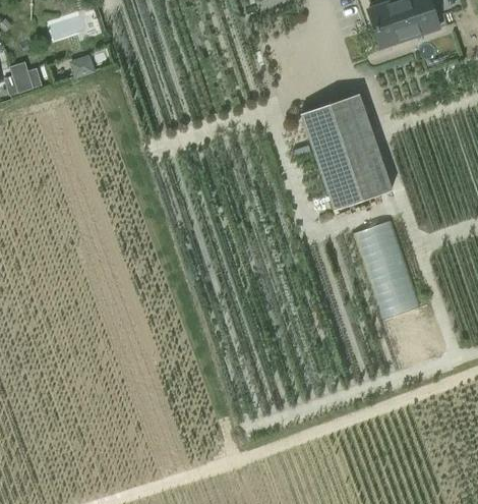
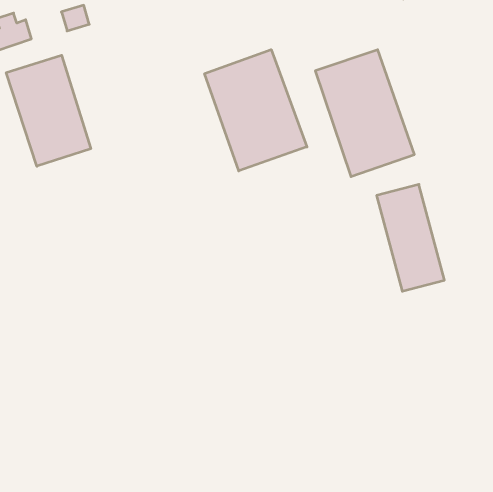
building: none -> [205,50,307,171]
building: none -> [6,55,91,166]

